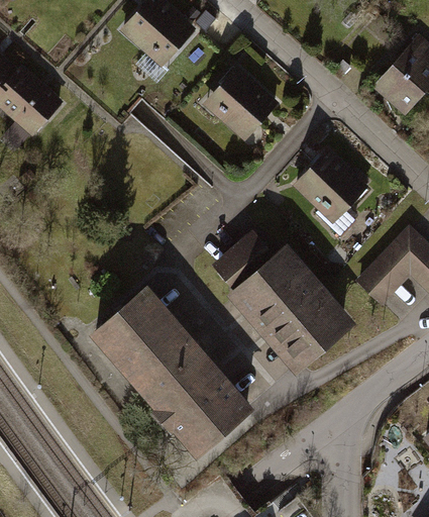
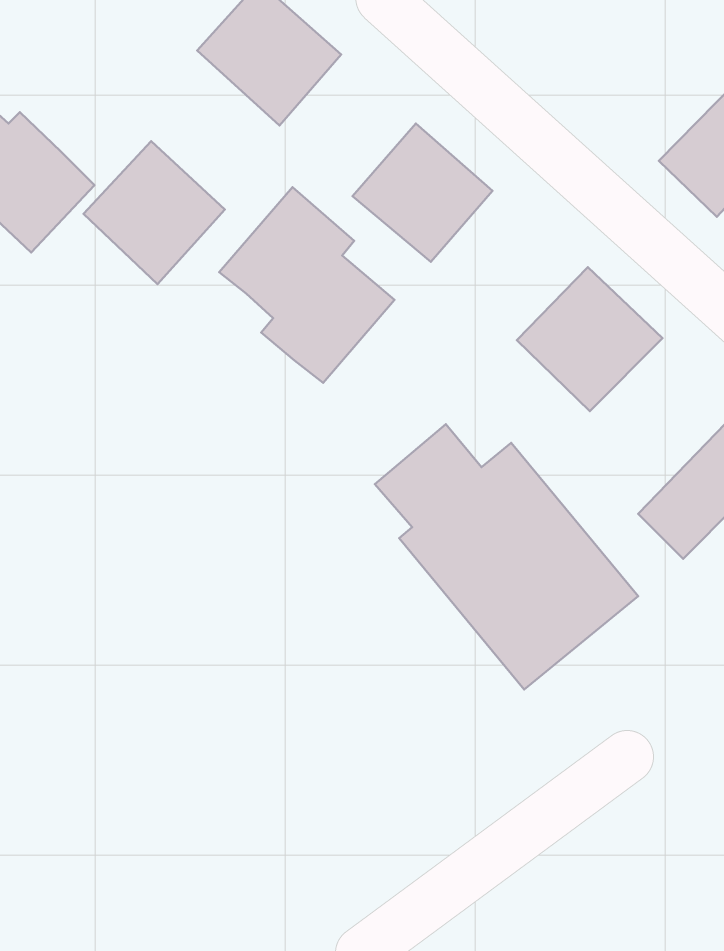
building: none -> [84,141,225,284]
building: none -> [219,187,395,383]
building: [86,282,252,459] -> none

